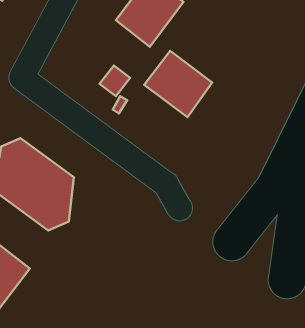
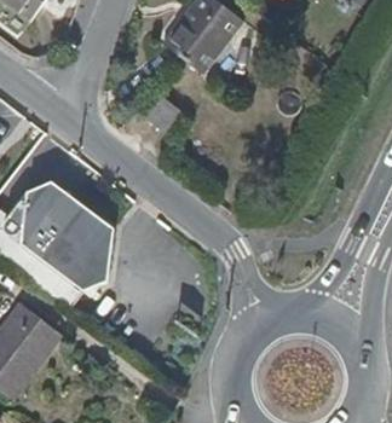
building: [144,51,212,117] -> none

